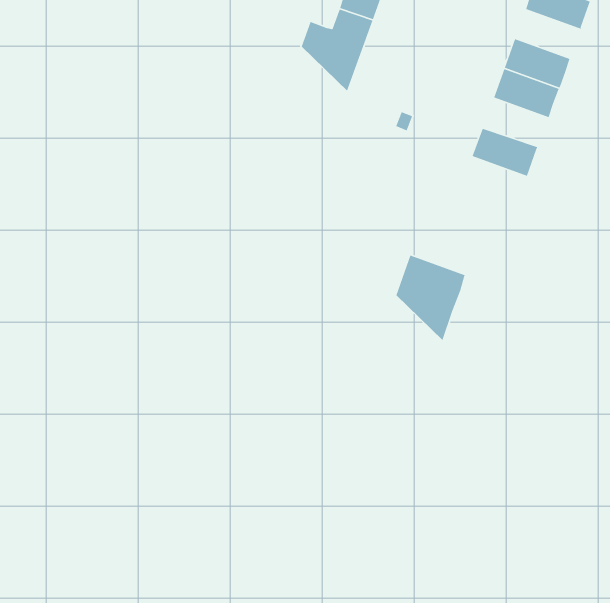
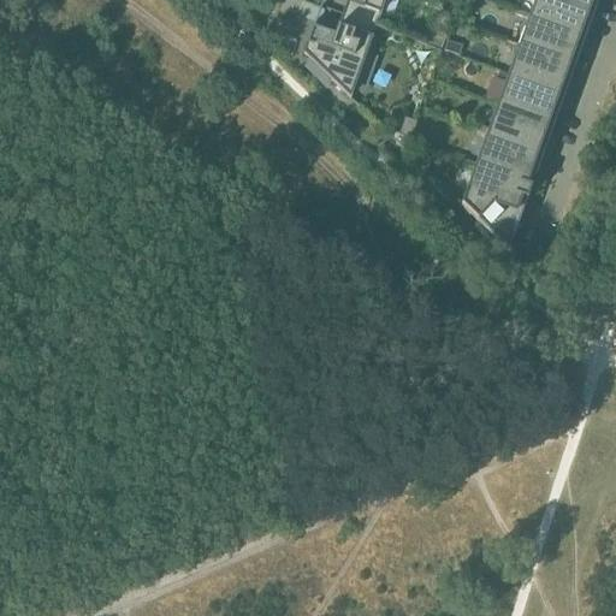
building: none -> [519,10,586,59]
building: none -> [486,99,553,148]
building: [396,255,466,340] -> [461,158,532,244]

